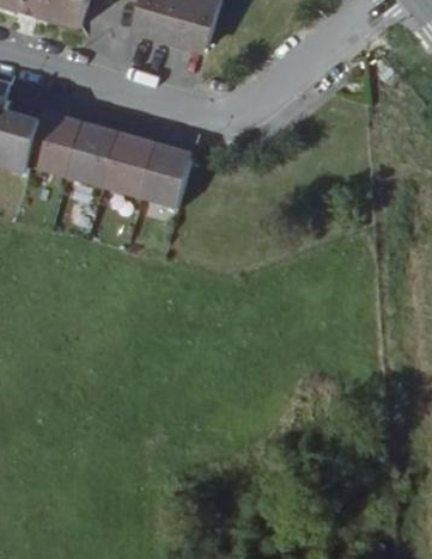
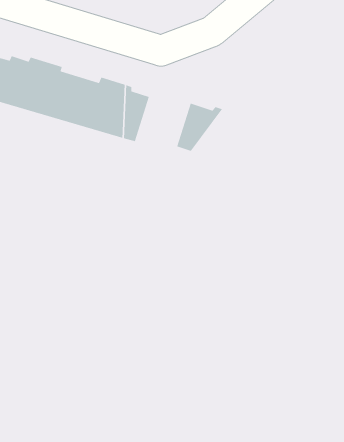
building: none -> [176,103,223,152]

